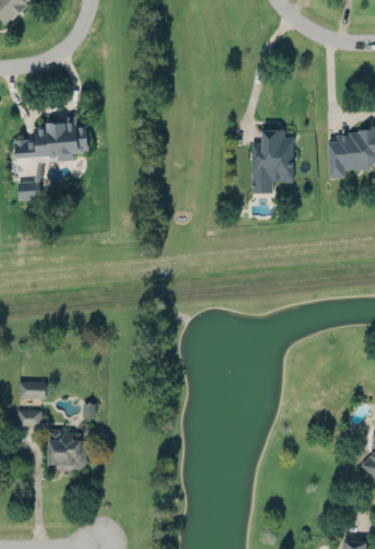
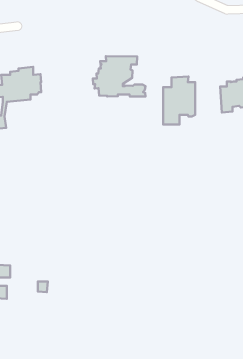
building: none -> [93,56,146,97]
building: [48,432,86,470] -> none

